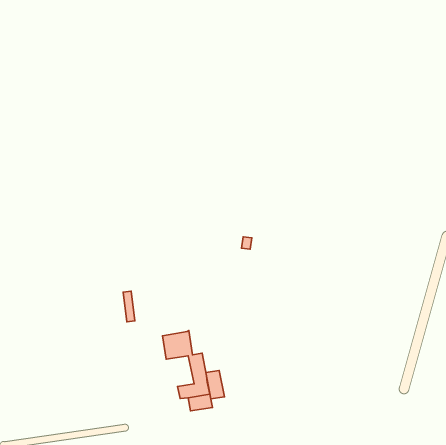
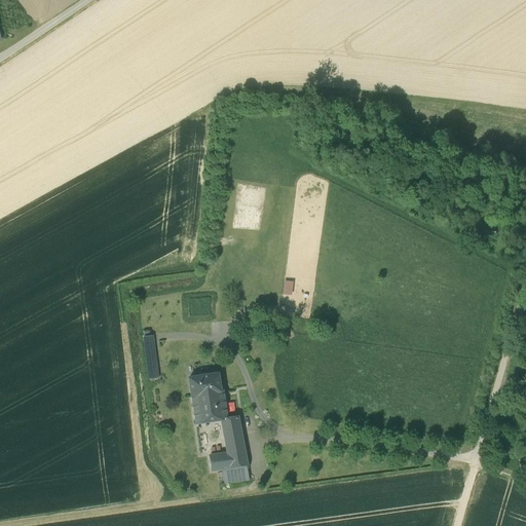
building: none -> [190,372,221,394]
building: [206,371,224,399] -> none

